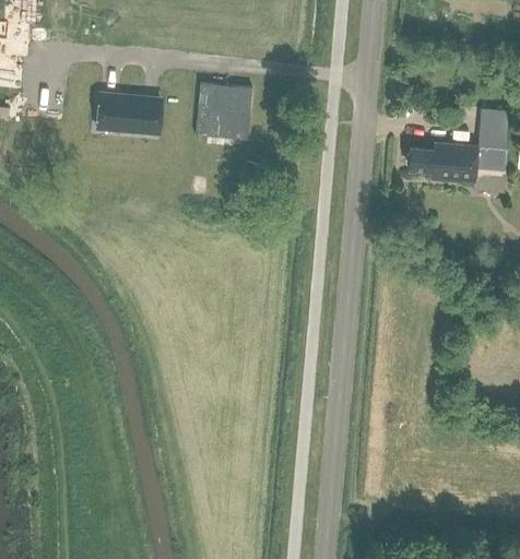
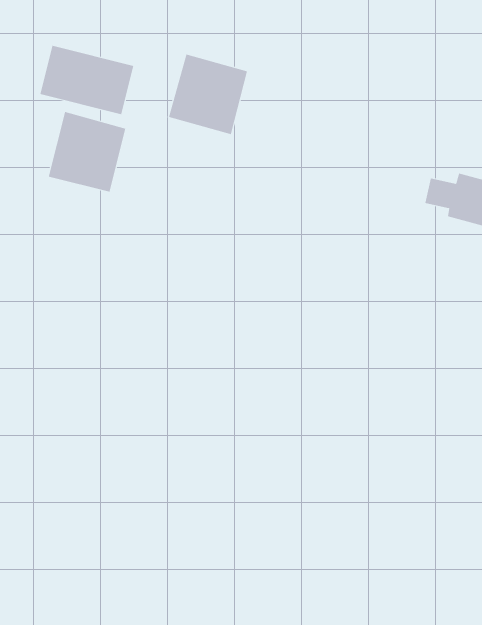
building: none -> [48,111,126,193]

